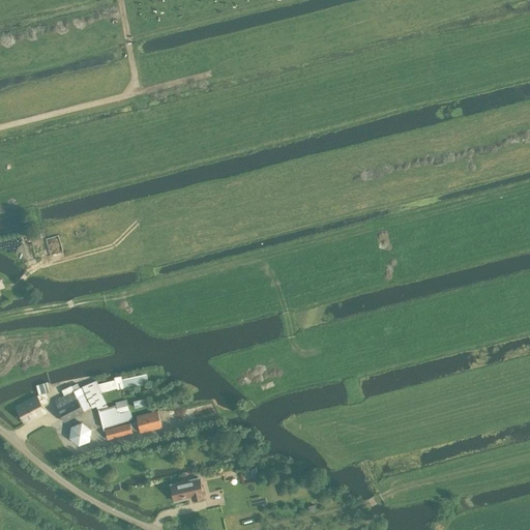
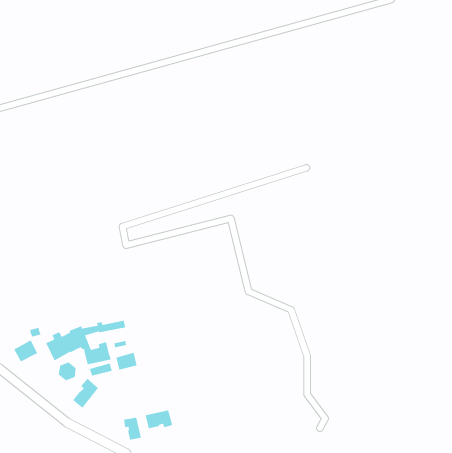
building: none -> [72,378,99,409]
building: none -> [123,417,142,441]

